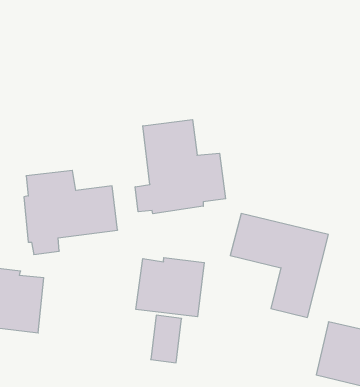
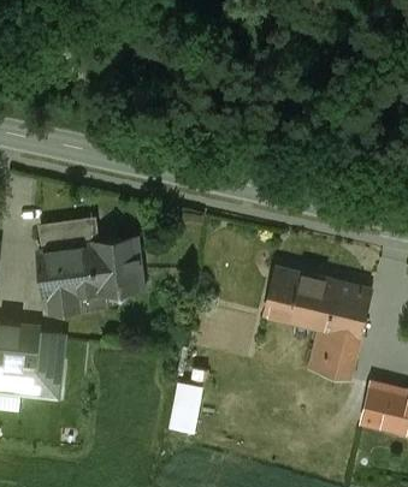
building: [135,120,226,214] -> none
building: [136,258,204,317] -> none

